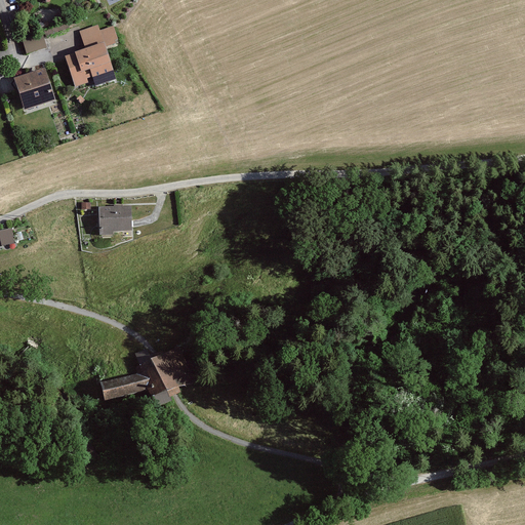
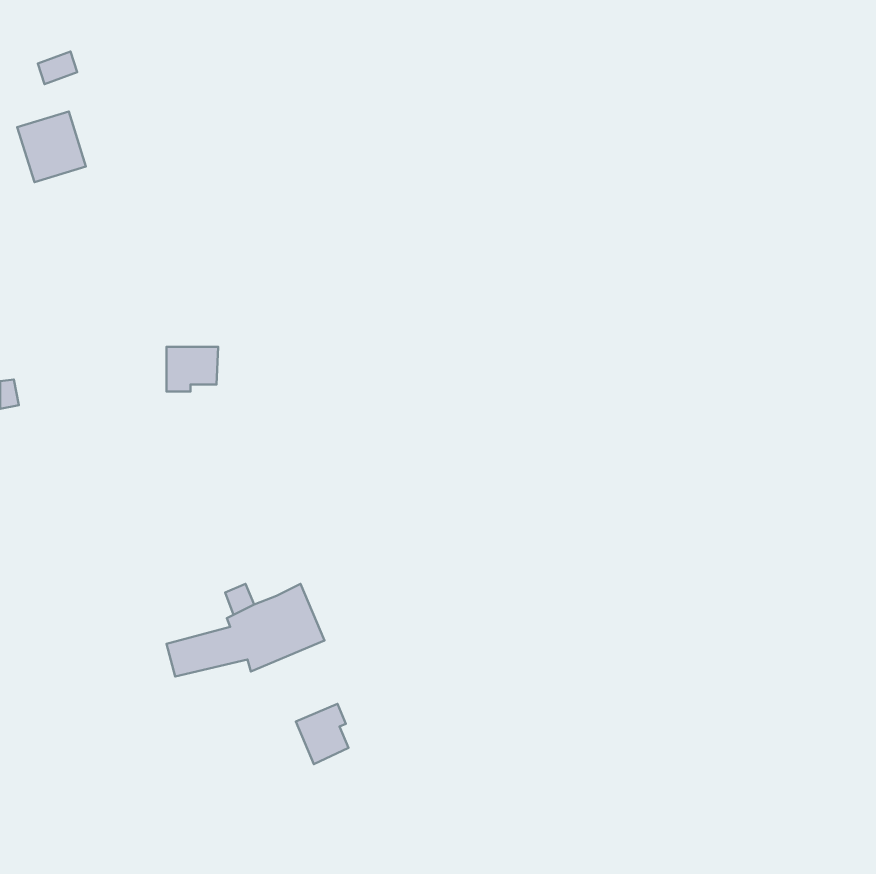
building: [65,23,120,85] -> none
building: none -> [296,704,349,764]

